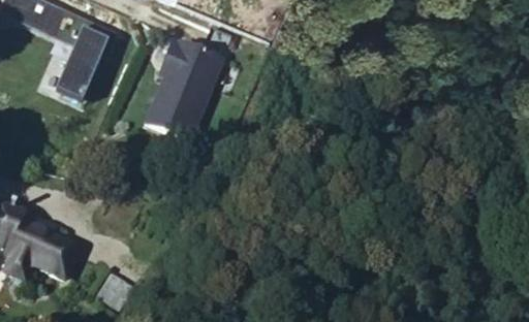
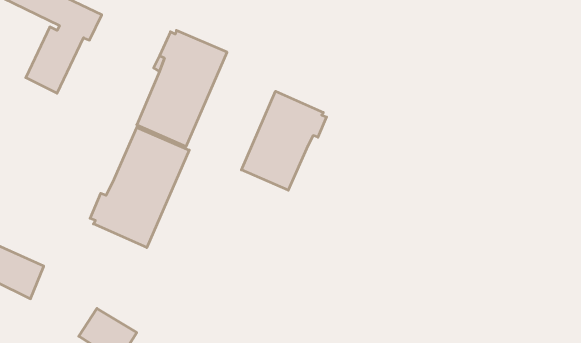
building: none -> [241,91,327,190]
building: none -> [90,127,189,248]

